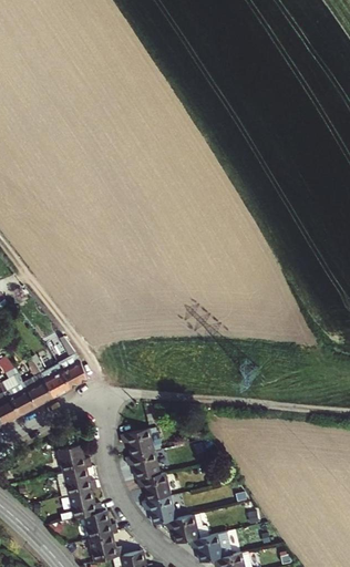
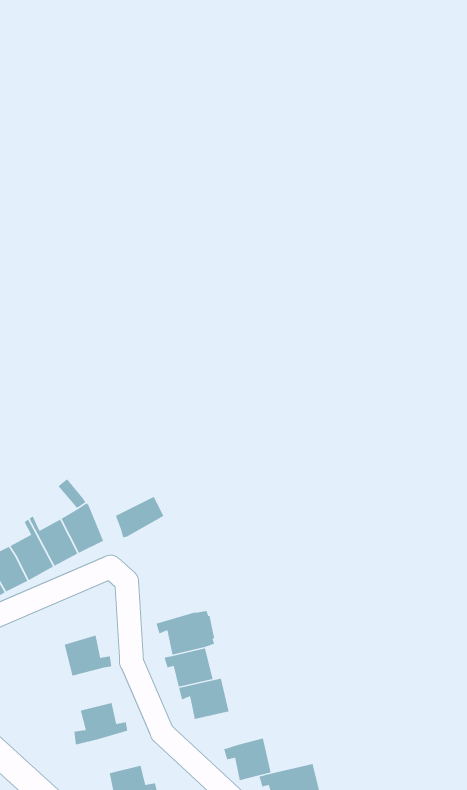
building: none -> [115,496,164,538]
building: [55,466,96,497] -> none
building: [143,496,177,525] -> none
building: [83,509,117,538] -> none

